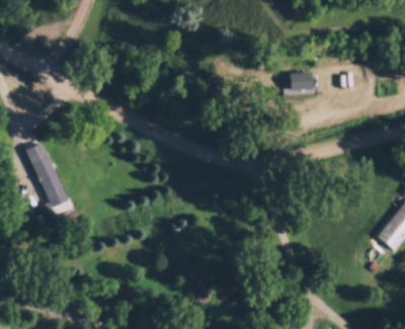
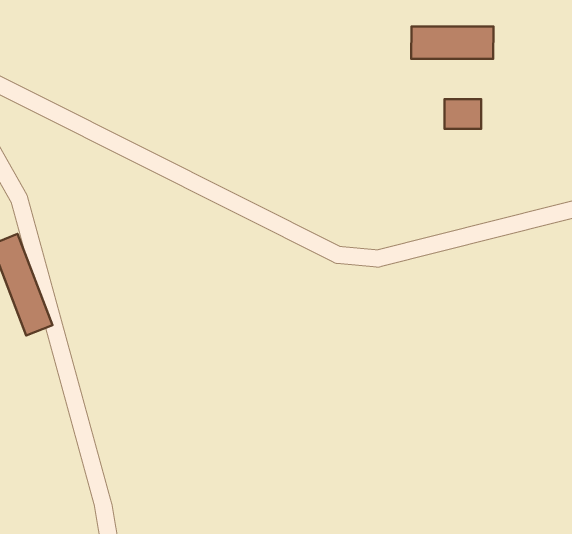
building: none -> [411,27,493,59]

